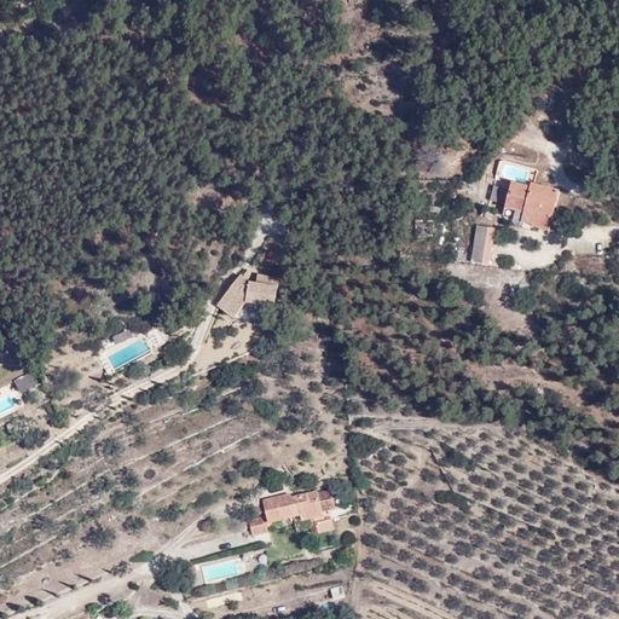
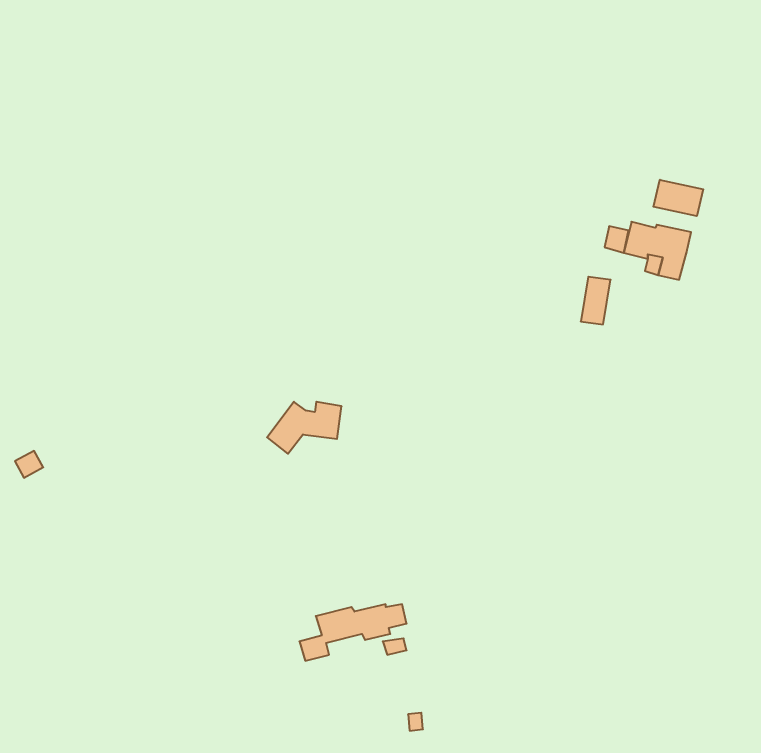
building: none -> [653,180,703,216]
building: [215,274,276,317] -> [267,402,342,454]

